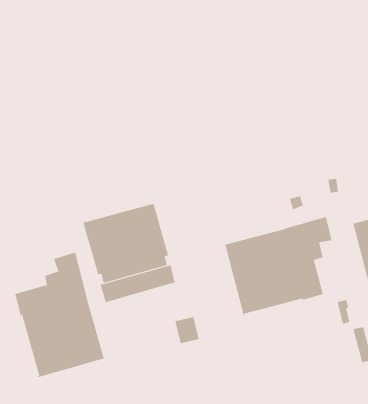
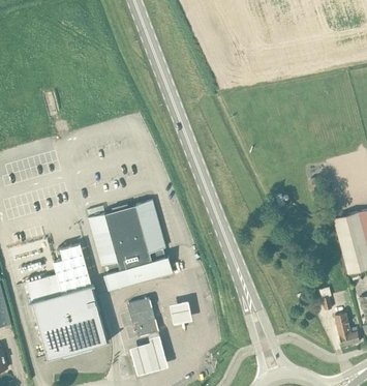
building: [224,216,332,316] -> none
building: none -> [126,298,157,336]
building: none -> [131,337,170,375]

